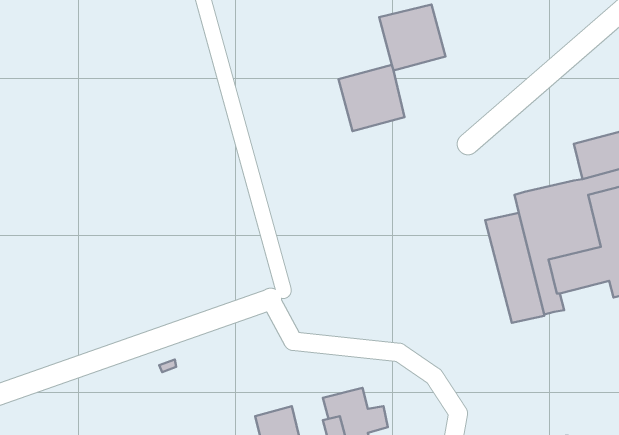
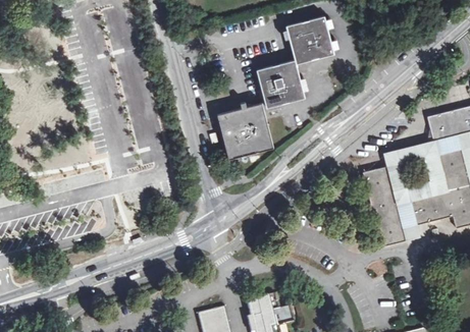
building: none -> [217,102,273,159]

